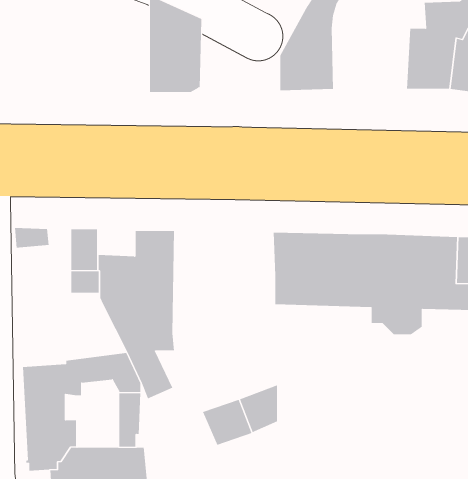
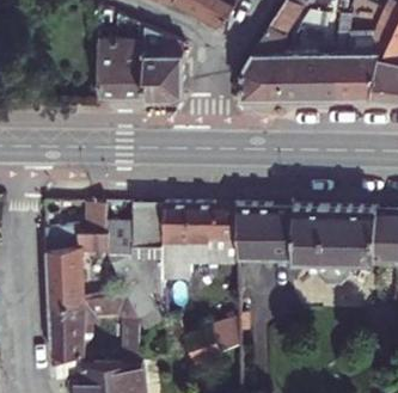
building: none -> [98,42,145,102]
building: none -> [281,54,338,99]
building: none -> [163,204,239,281]
building: none -> [45,226,82,306]

